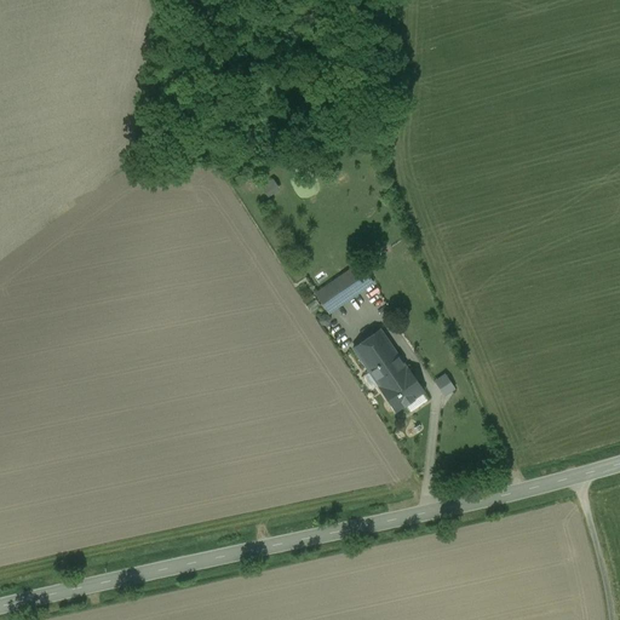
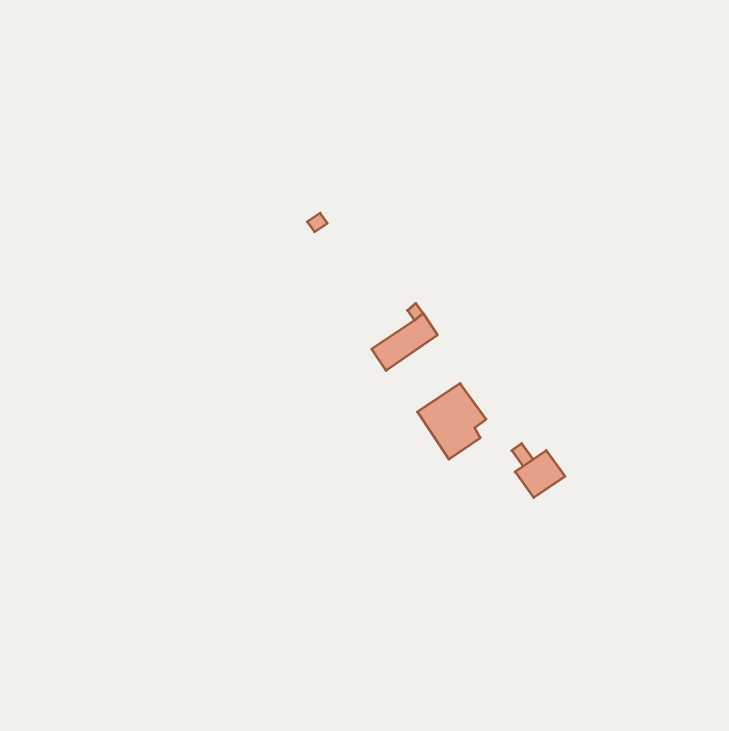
building: [380,371,423,411] -> [515,450,565,498]

